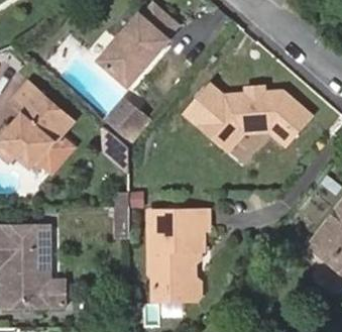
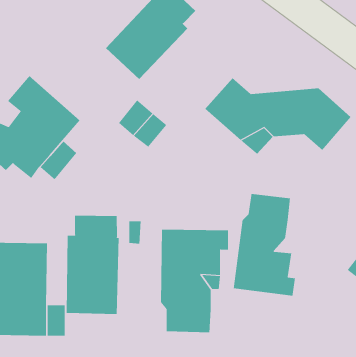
building: none -> [233,193,296,297]
building: none -> [66,215,119,315]

